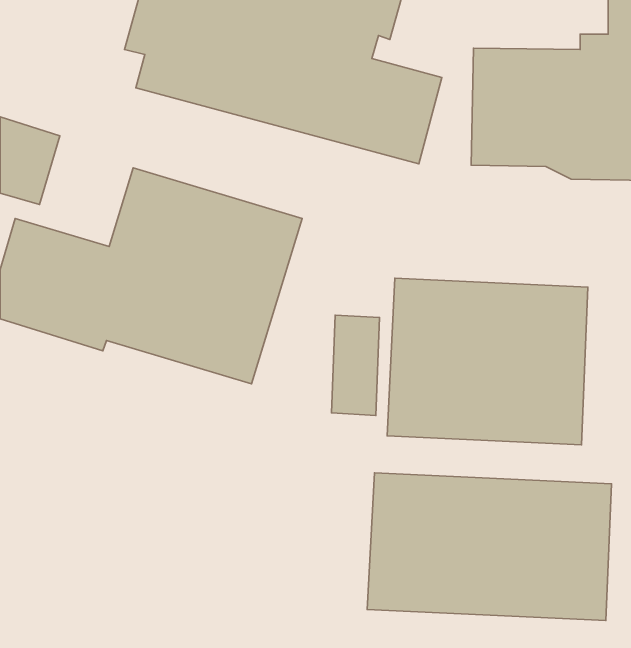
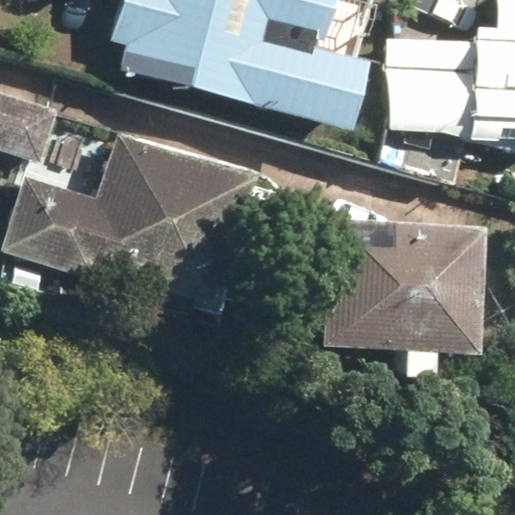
building: [367,473,612,621] -> none

